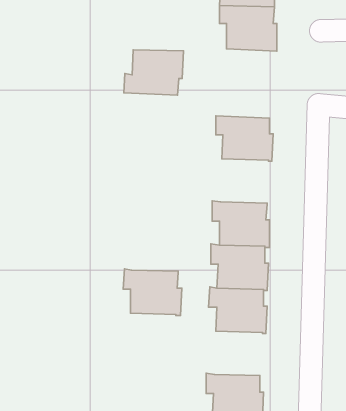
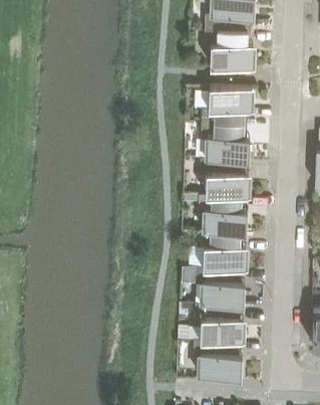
building: [124,50,183,95] -> [202,89,252,128]
building: none -> [200,161,249,200]
building: [123,269,182,316] -> [195,306,244,345]

